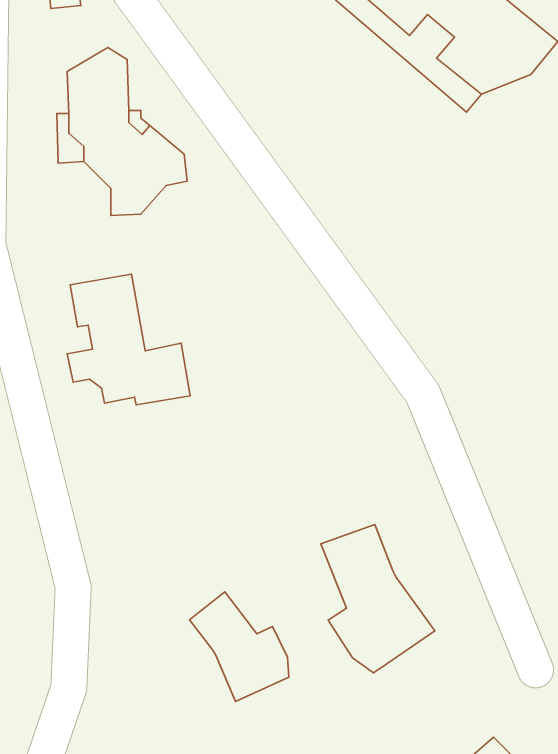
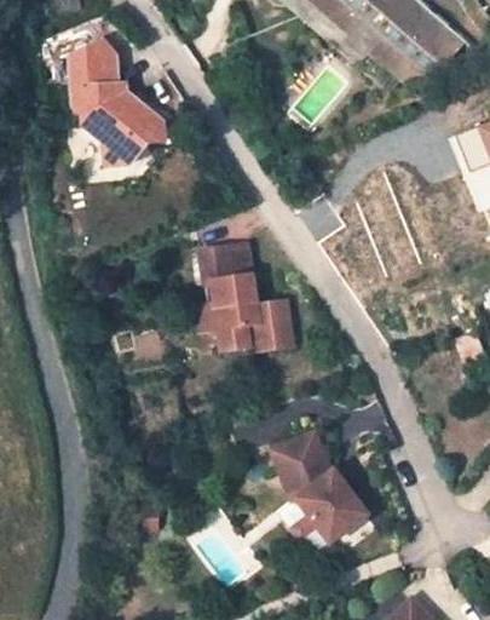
building: [67,274,190,405] -> [196,245,295,350]
building: [189,592,289,701] -> none

